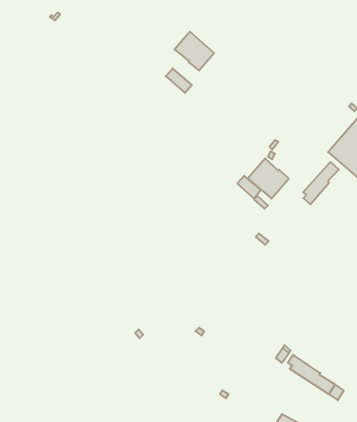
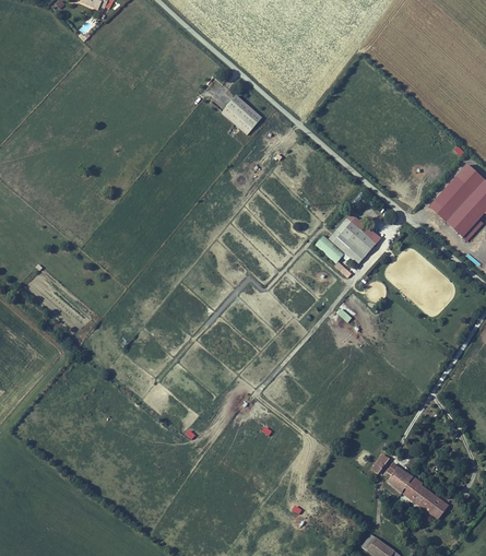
building: [175,32,214,71] -> none
building: [303,162,339,204] -> none

